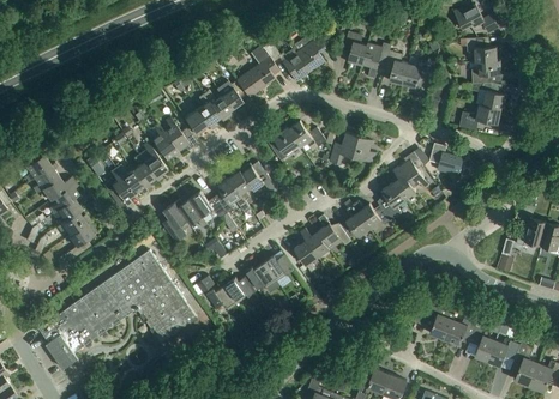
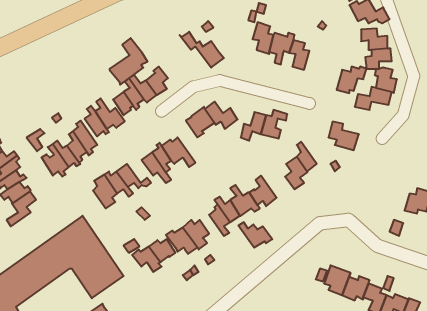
building: [293,26,324,71] -> none
building: [235,44,278,97] -> [110,38,148,85]
building: [401,59,434,89] -> [337,67,366,93]
building: [398,151,428,188] -> none
building: [351,200,390,229] -> [238,222,272,248]

